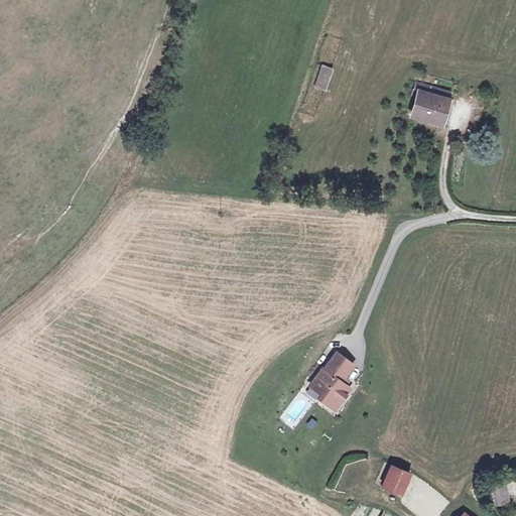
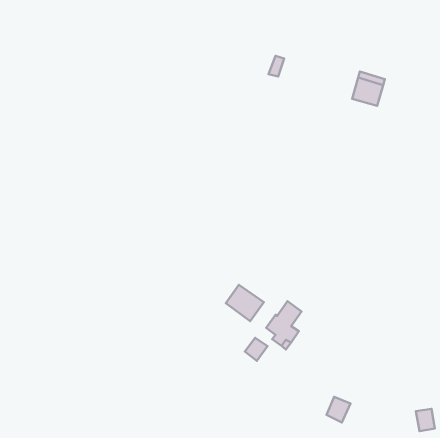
building: none -> [226,285,264,321]
building: none -> [245,338,268,361]

